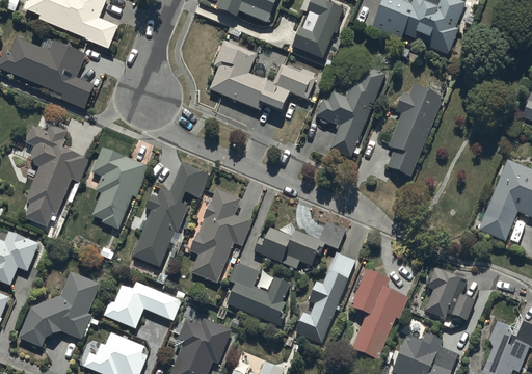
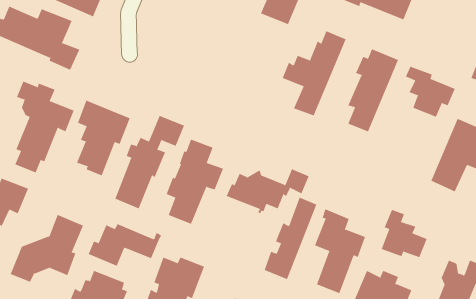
building: [210,45,316,117] -> none
building: none -> [405,66,455,117]
building: [228,255,290,323] -> none

